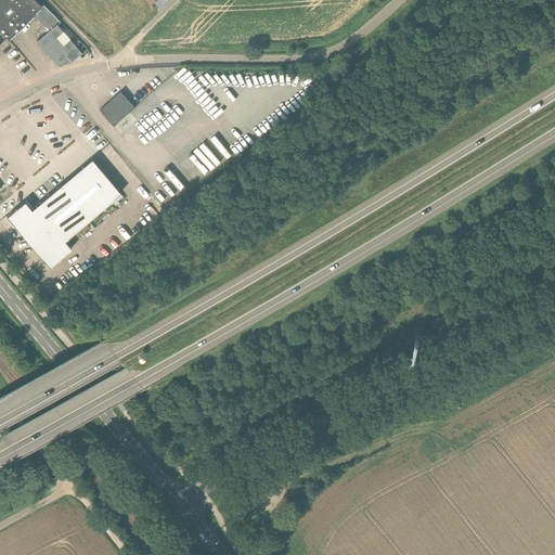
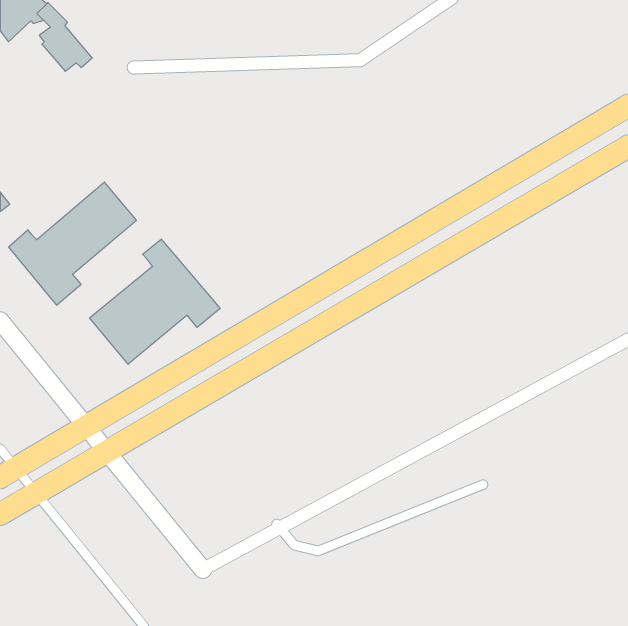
building: [100,92,134,126] -> none
building: none -> [89,239,220,364]

